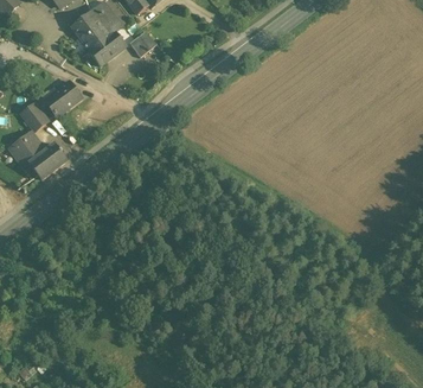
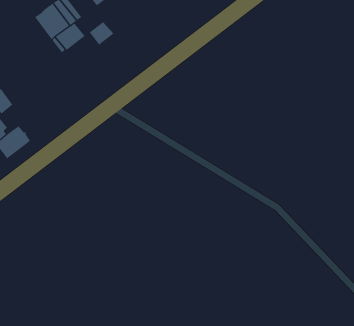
building: [46,79,82,114] -> none

